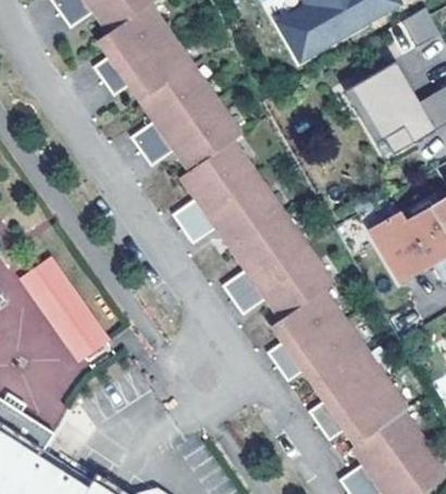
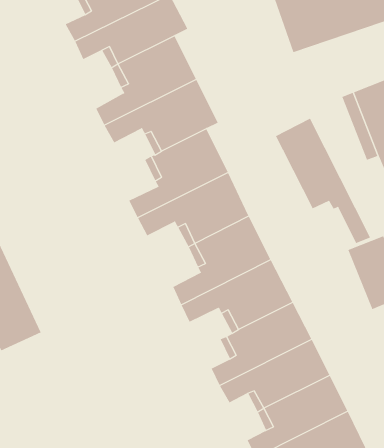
building: none -> [275,118,371,244]

